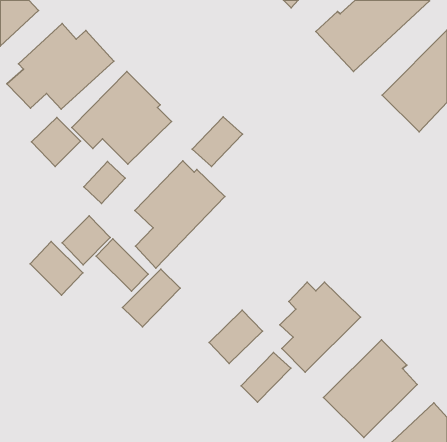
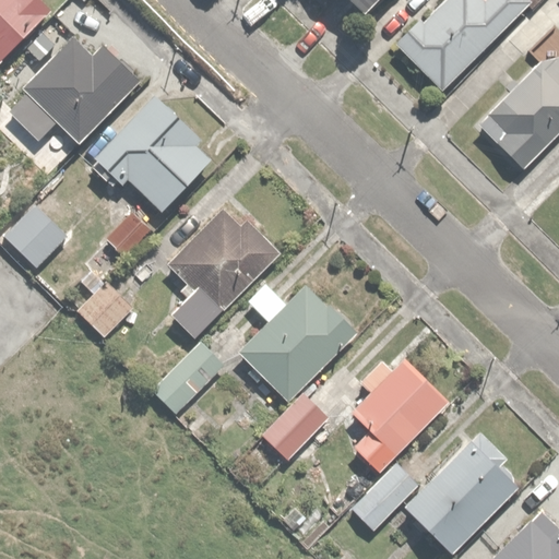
building: [192,117,242,167] -> none
building: [32,118,80,166] -> [7,205,68,266]
building: none -> [239,282,358,400]
building: [96,239,148,291] -> none
building: [30,242,83,295] -> none
building: [241,353,291,402] -> [354,465,416,527]

